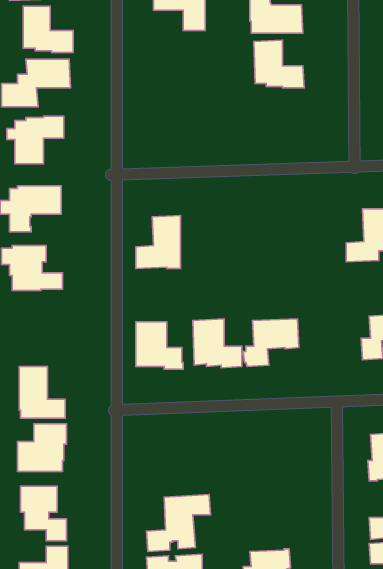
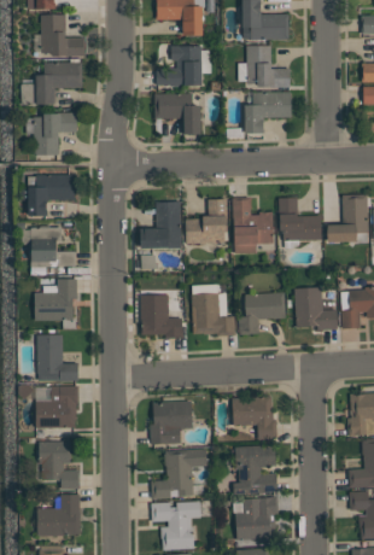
building: none -> [157,47,201,87]
building: none -> [245,93,292,134]
building: none -> [154,94,201,134]
building: none -> [233,198,274,255]
building: none -> [279,198,322,240]
building: none -> [186,199,228,244]
building: none -> [35,279,77,321]
building: none -> [294,287,338,331]
building: none -> [233,397,277,440]
building: none -> [151,401,193,445]
building: none -> [234,445,277,493]

